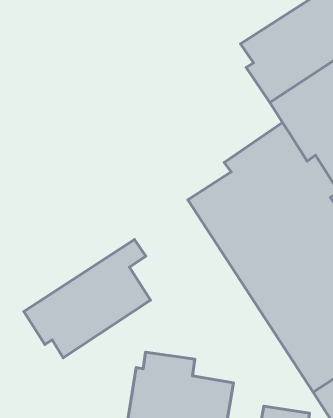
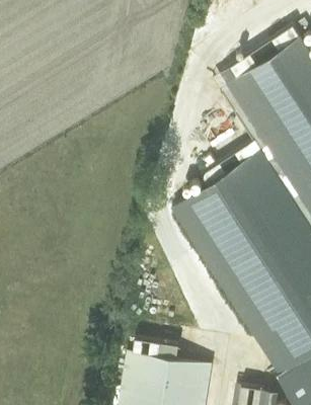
building: [24,239,151,358] -> none

